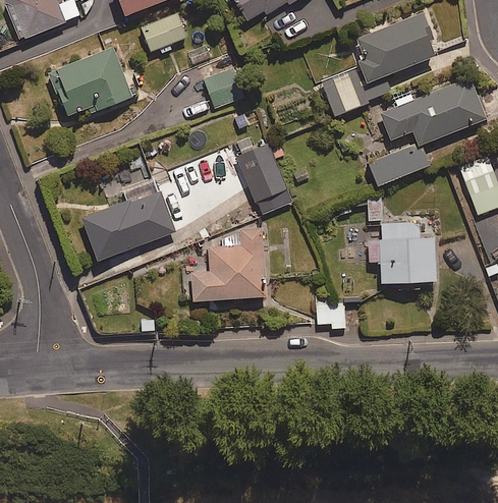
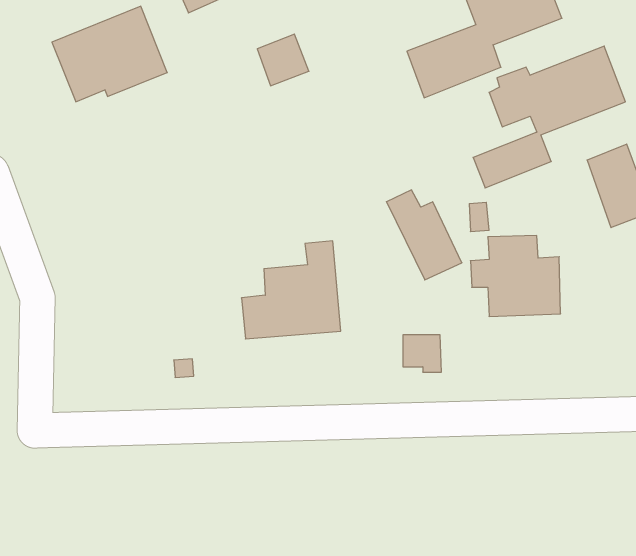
building: [228,133,286,203] -> [386,190,462,280]
building: [81,174,175,261] -> none

